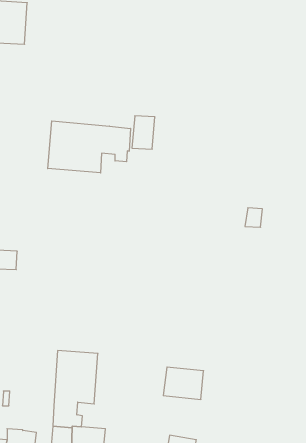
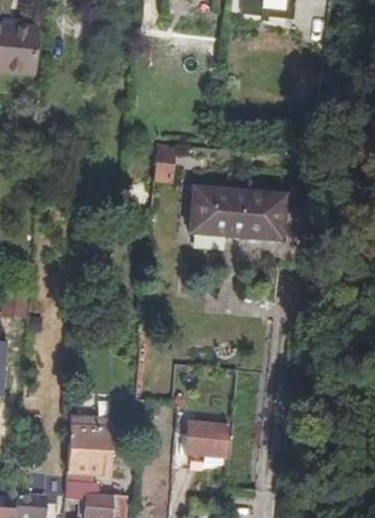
building: [48,121,131,173] -> none
building: none -> [187,187,285,242]

